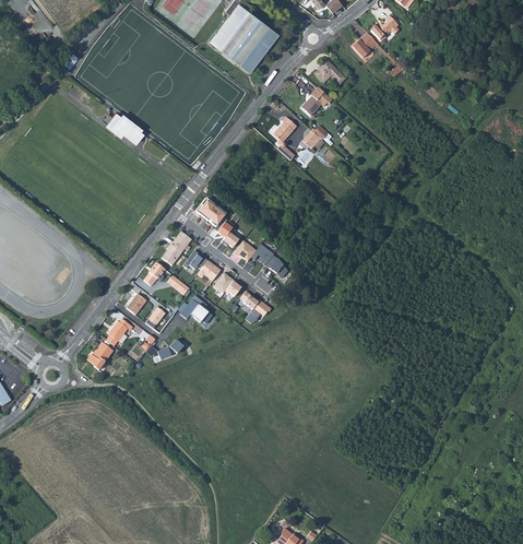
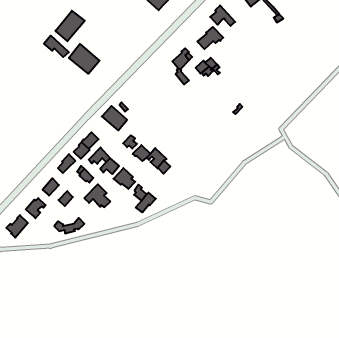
building: none -> [55,11,85,41]
building: none -> [69,44,100,74]

